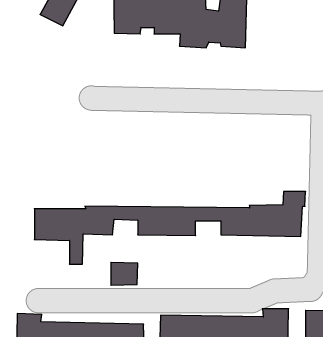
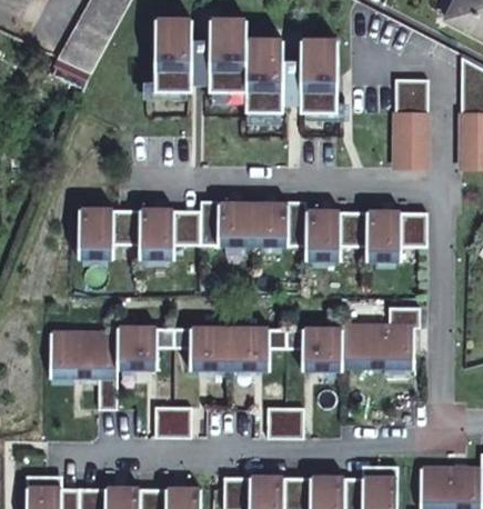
building: none -> [395,79,426,167]
building: none -> [78,200,427,259]
building: none -> [265,406,301,436]

